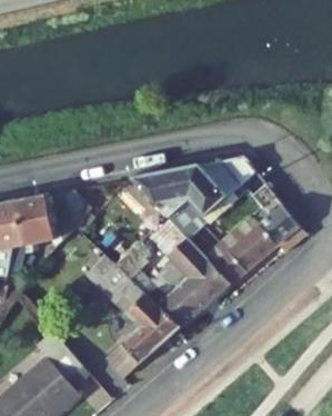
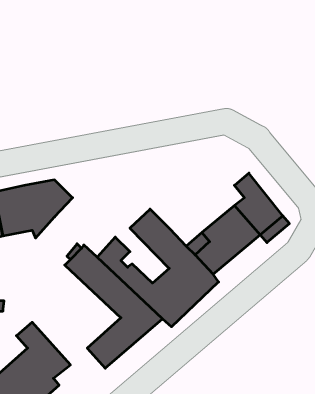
building: [129,158,255,240] -> none

